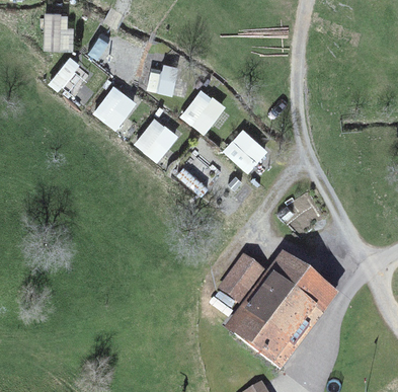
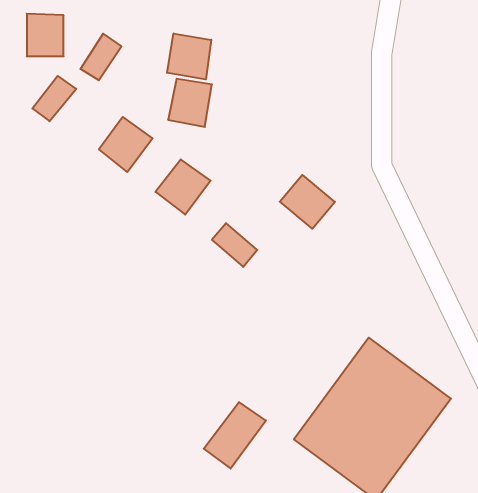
building: none -> [167,33,211,79]
building: [181,90,221,131] -> none
building: [217,254,261,302] -> [204,402,266,469]

